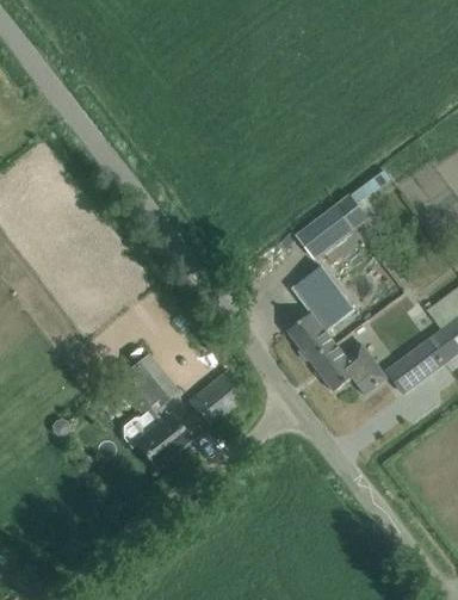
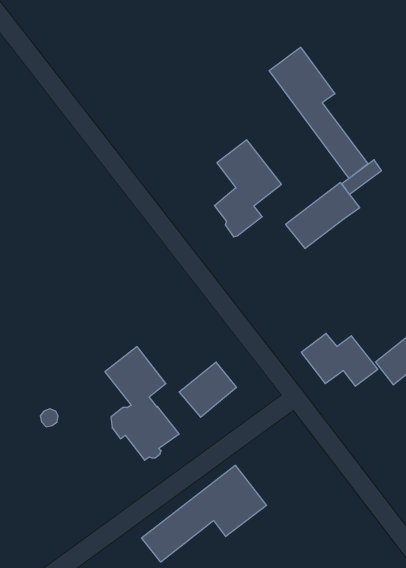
building: none -> [269,47,368,178]
building: [289,266,355,363] -> [214,140,281,237]
building: none -> [142,465,266,562]

